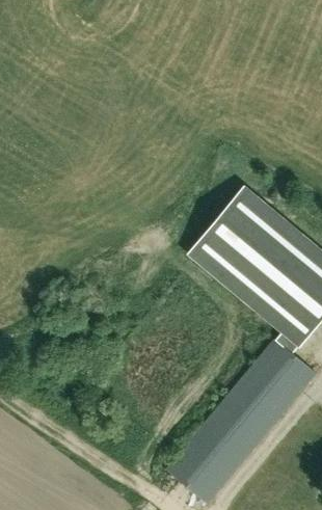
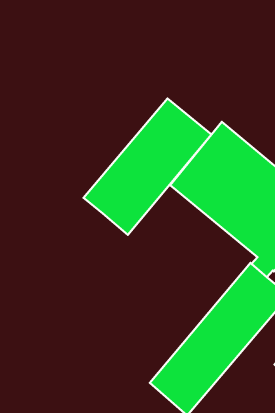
building: none -> [84,99,211,235]

